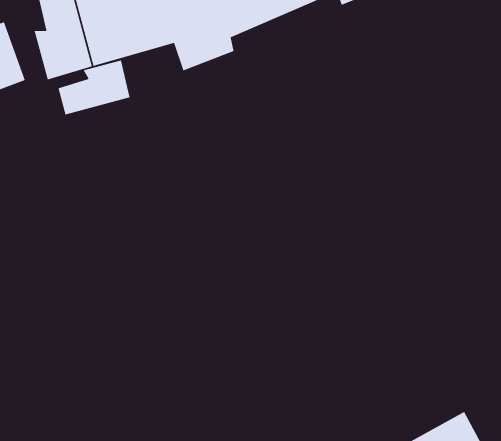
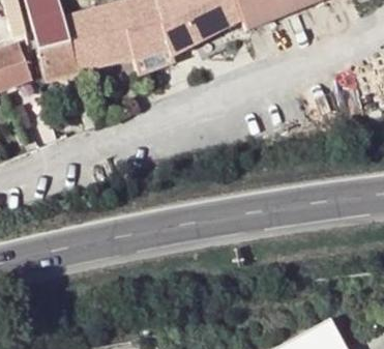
building: [57,60,131,115] -> none

